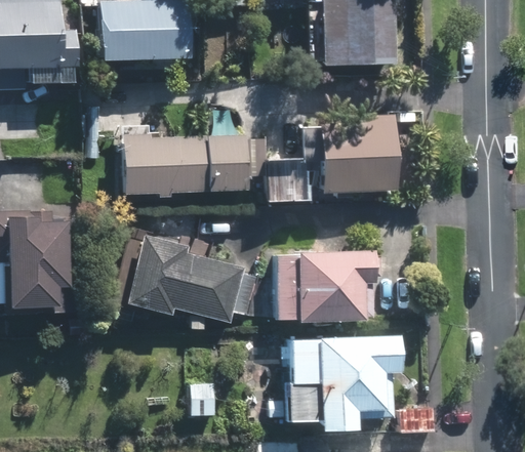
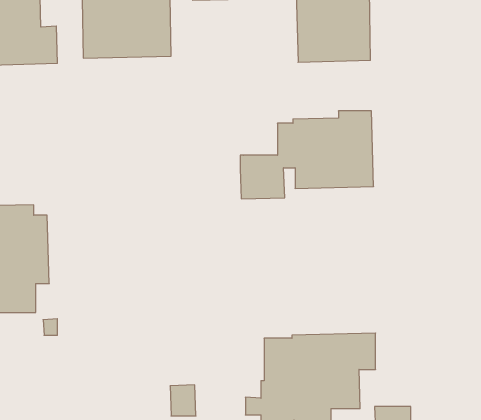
building: [120,134,268,195] -> none
building: [128,234,262,324] -> none
building: [273,251,374,322] -> none

